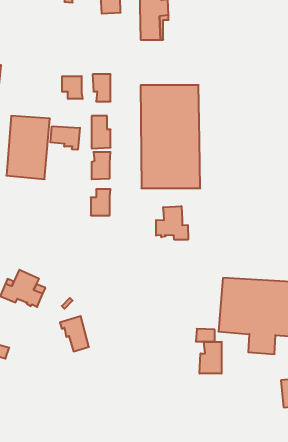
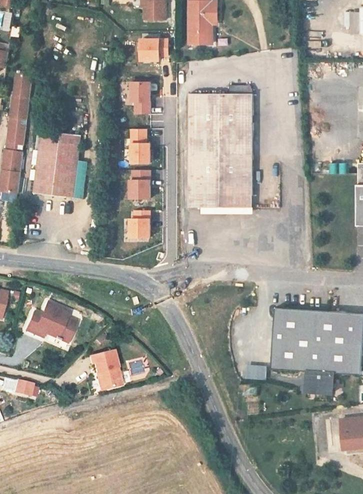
building: none -> [139,38,169,62]
building: [62,76,83,99] -> none
building: [50,126,80,150] -> none
building: [156,206,188,240] -> none
building: [200,342,222,374] -> none

